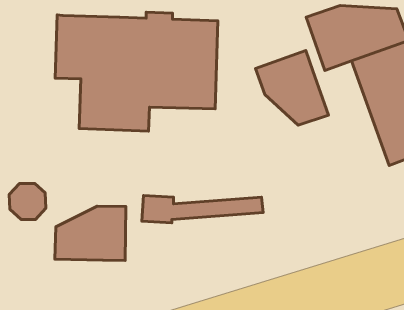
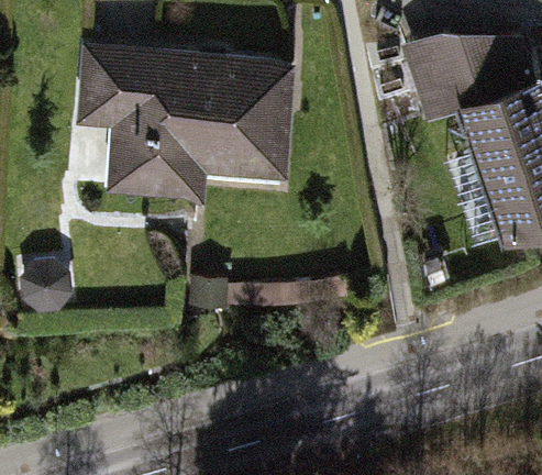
building: [255,50,328,125] -> none
building: [55,206,126,260] -> none

